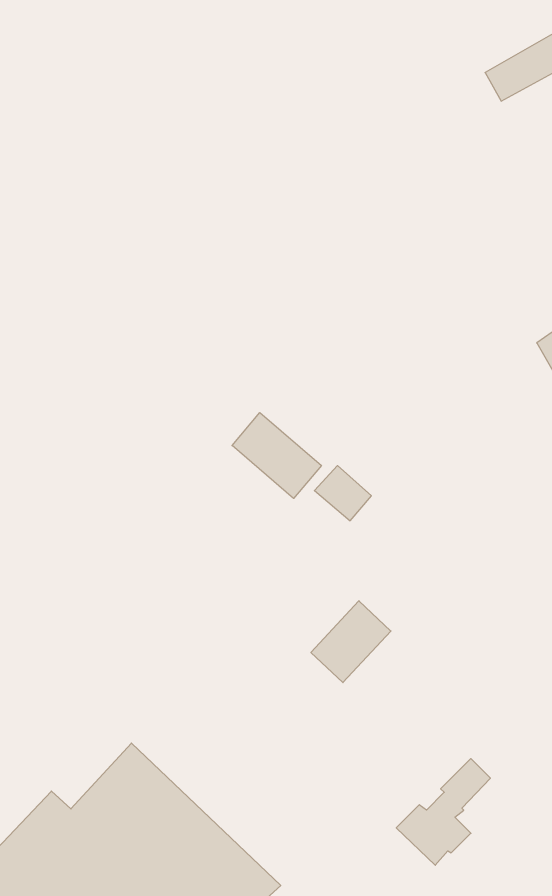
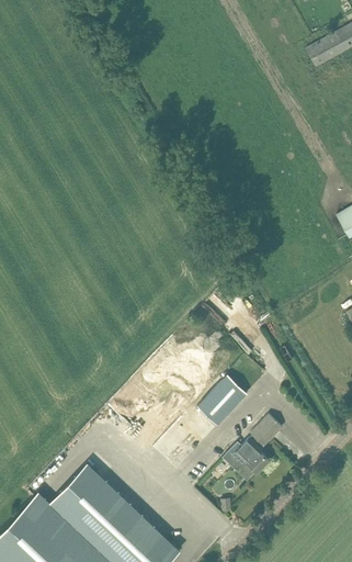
building: [232,413,321,498] -> none
building: [396,759,490,865] -> [222,415,280,481]

